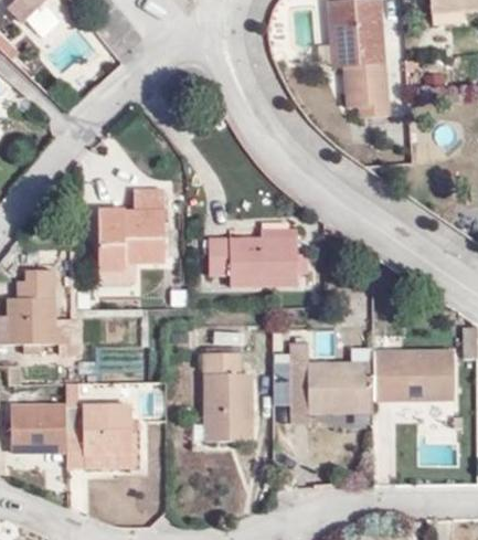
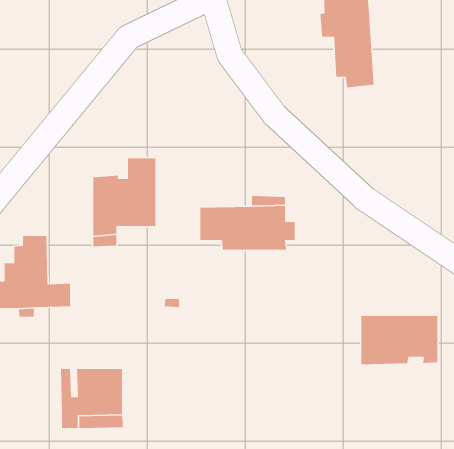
building: [290,343,373,424] -> none
building: [204,353,253,442] -> none
building: [11,405,67,452] -> none

